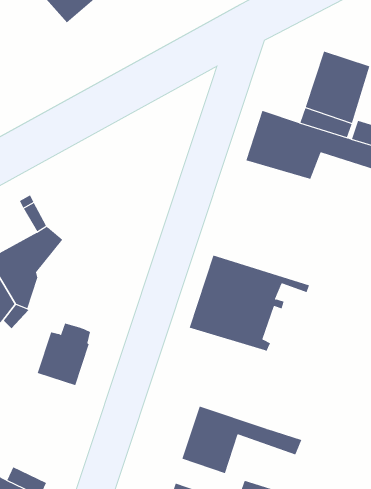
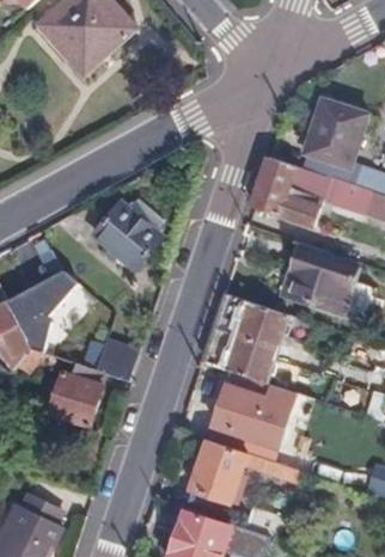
building: none -> [93,197,160,264]
building: none -> [286,241,349,311]
building: none -> [96,341,141,377]
building: none -> [207,386,293,460]

